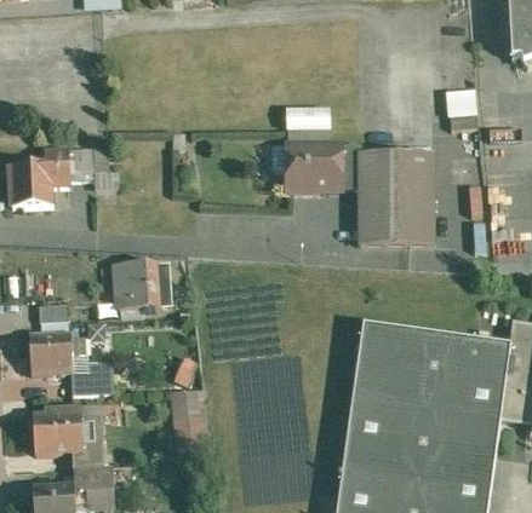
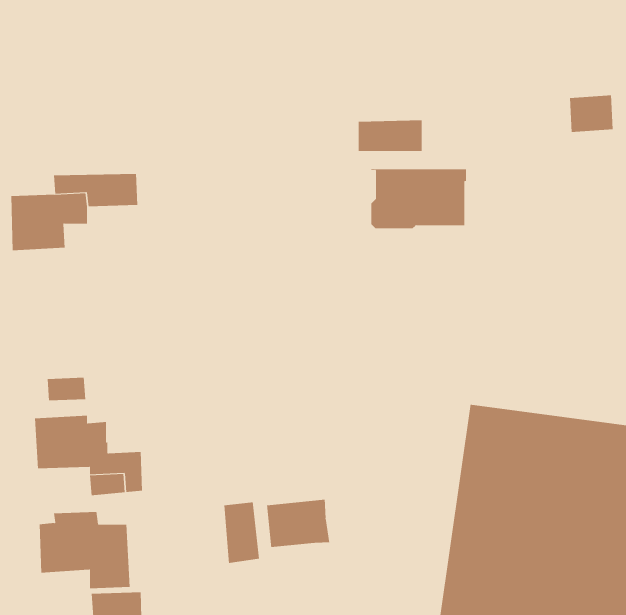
building: [360,154,433,243] -> none
building: [116,261,171,309] -> none
building: none -> [266,499,330,548]

